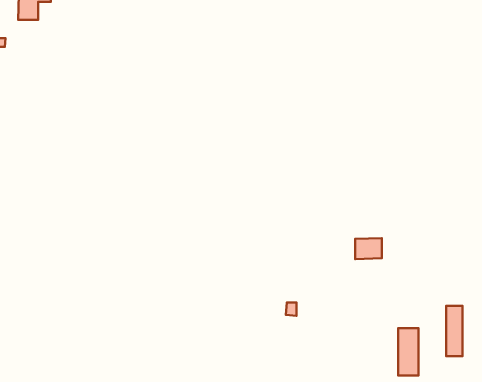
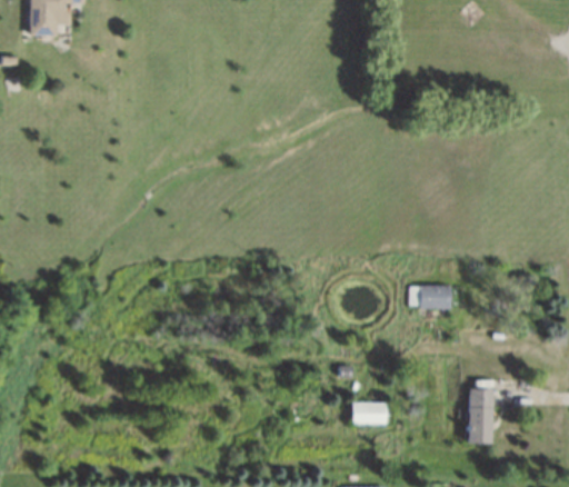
building: [446,306,462,356] -> none
building: none -> [355,398,387,420]

